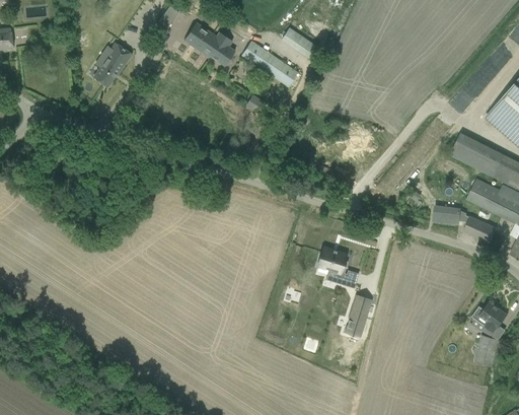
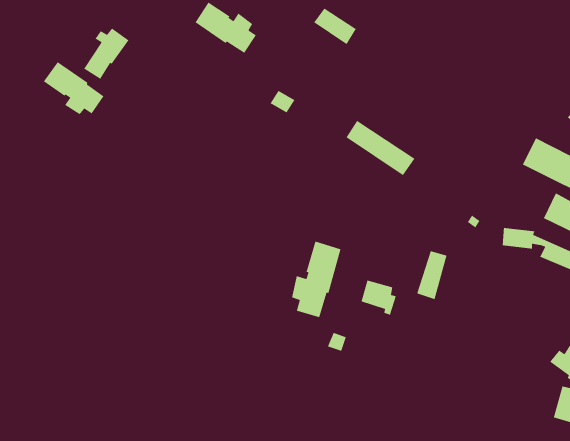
building: [241,41,298,86] -> [346,120,416,176]
building: none -> [43,61,105,115]
building: none -> [291,241,342,318]
building: [345,295,370,336] -> [416,250,448,300]

